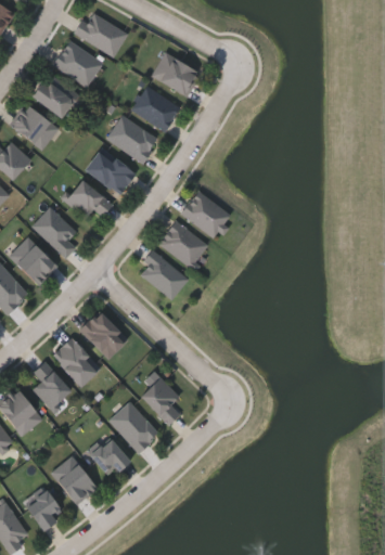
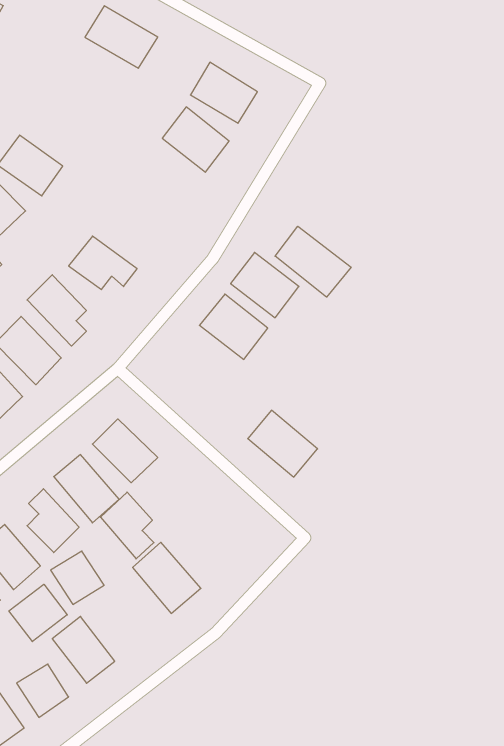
building: [53,39,103,86] -> none
building: [31,75,85,120] -> none
building: [106,115,158,160] -> none
building: [85,146,136,194] -> none
building: none -> [275,226,351,297]
building: [138,250,189,299] -> [248,410,318,477]
building: [141,376,180,425] -> [100,492,154,559]
building: none -> [9,584,67,642]
building: [90,438,129,477] -> [51,551,104,604]

